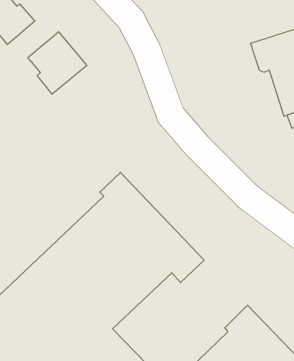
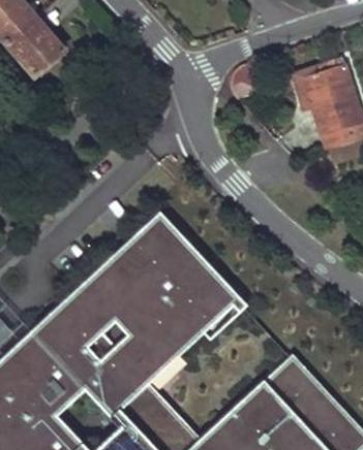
building: [28,32,87,94] -> none

